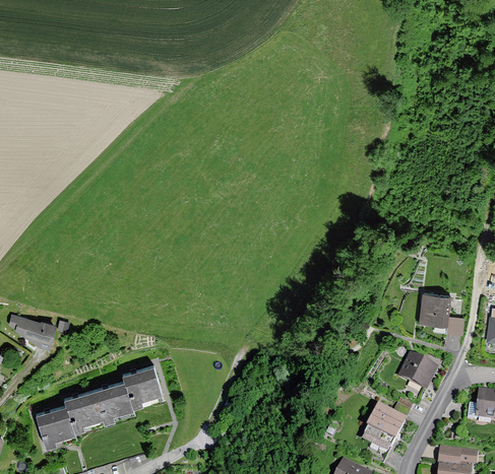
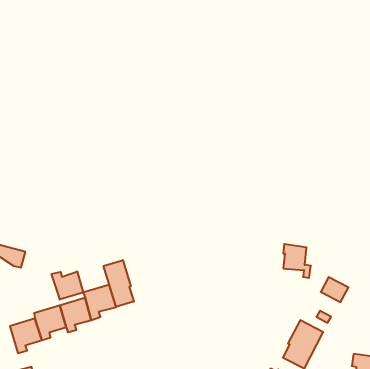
building: [422,292,454,332] -> [283,244,311,278]
building: none -> [104,260,134,307]
building: none -> [52,271,83,300]

